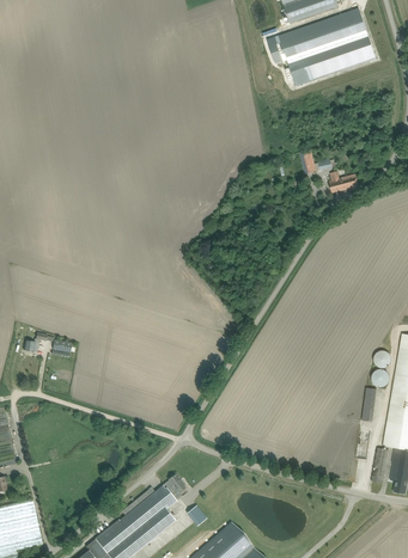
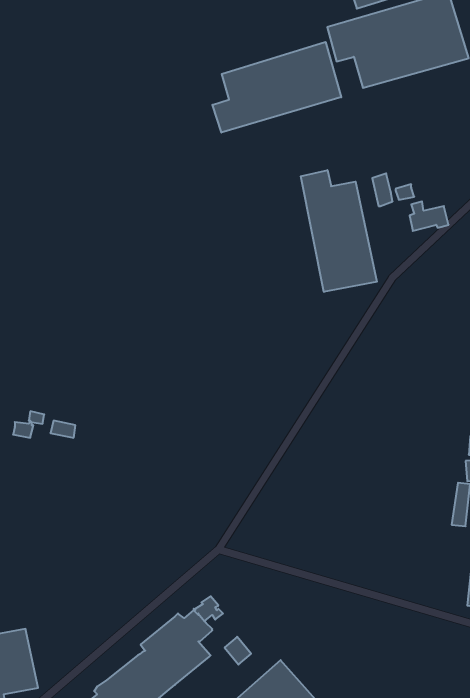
building: none -> [212,42,341,133]
building: none -> [301,170,377,292]

